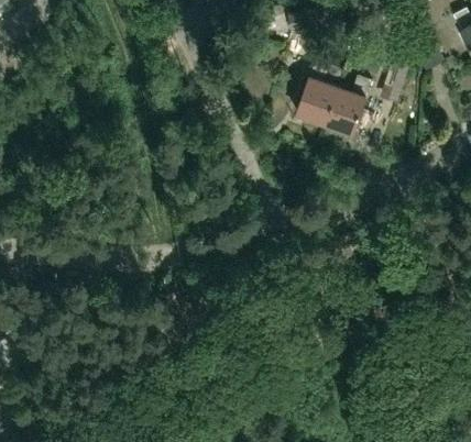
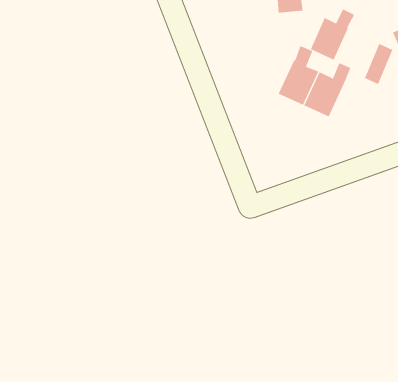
building: none -> [310,8,355,60]

